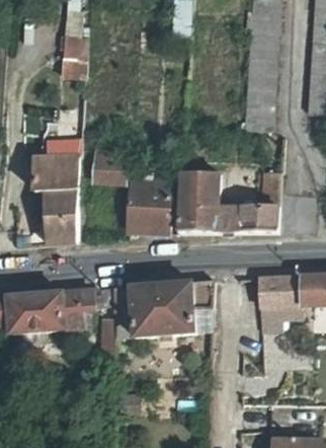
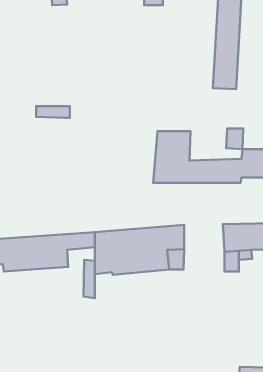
building: [58,31,85,74] -> none
building: [93,146,128,184] -> none
building: [38,160,78,241] -> none
building: [128,182,172,231] -> none

